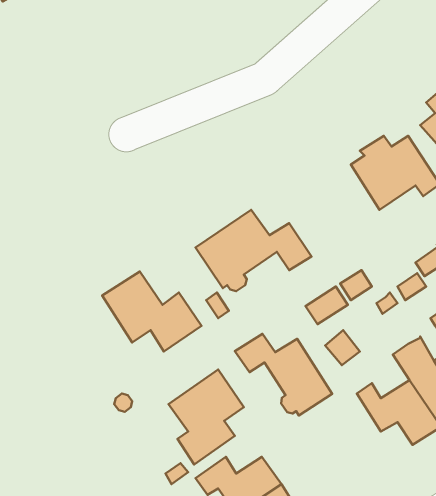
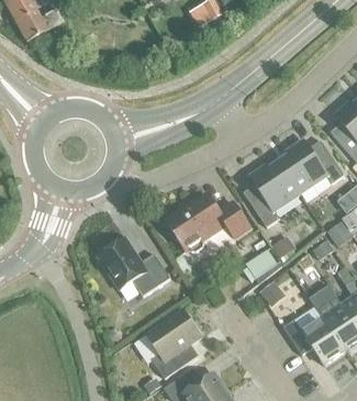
building: none -> [243,159,300,226]
building: [235,334,332,416] -> none

